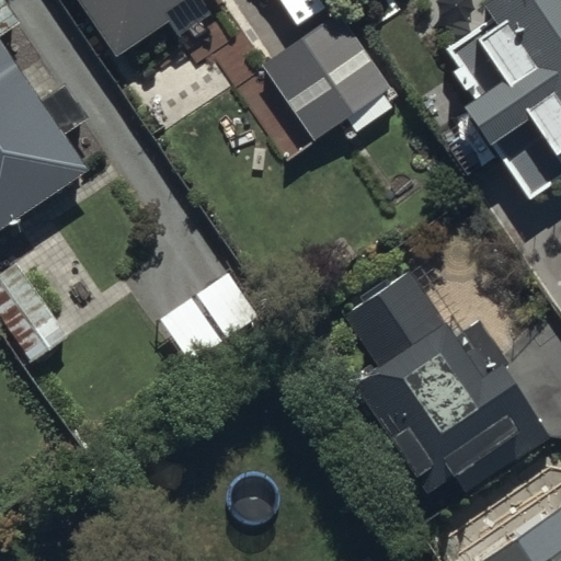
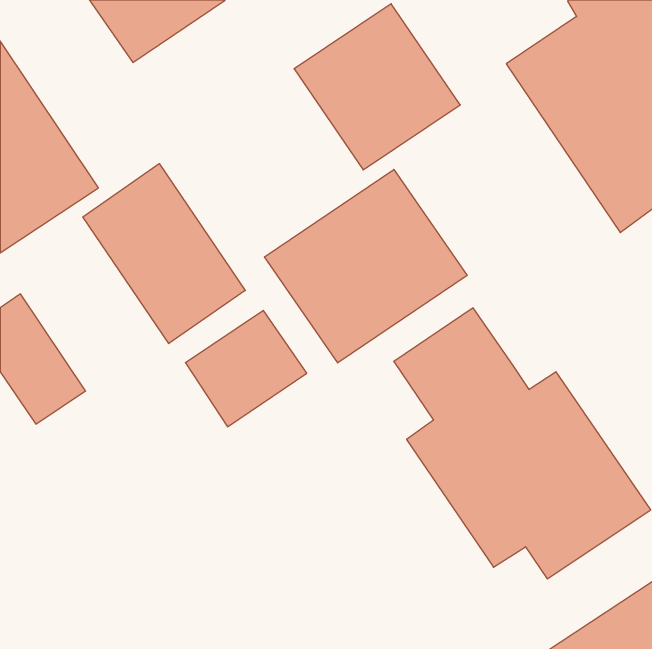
building: none -> [83,164,245,344]
building: none -> [264,169,467,363]

